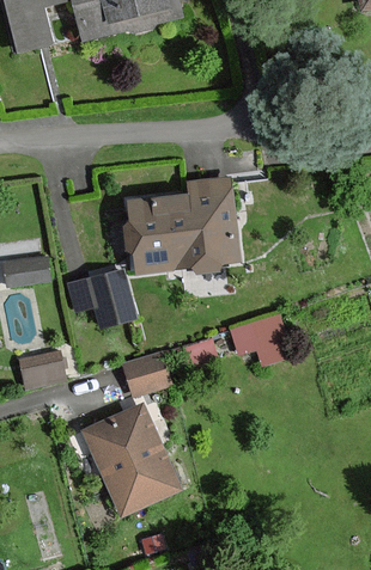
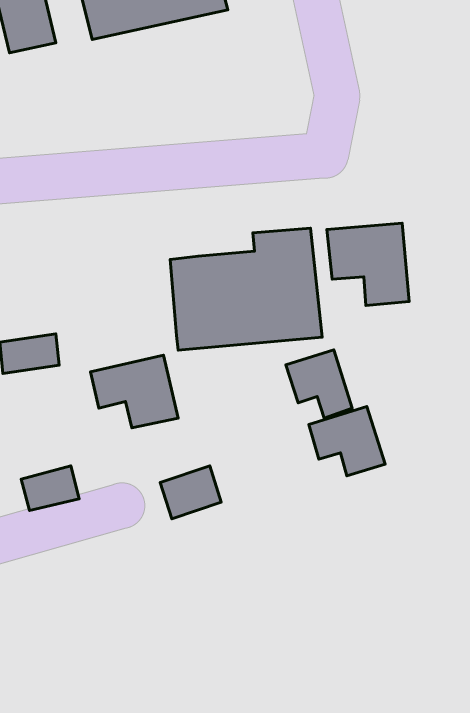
building: none -> [327,223,409,305]
building: none -> [286,350,352,418]
building: [86,407,178,514] -> none

